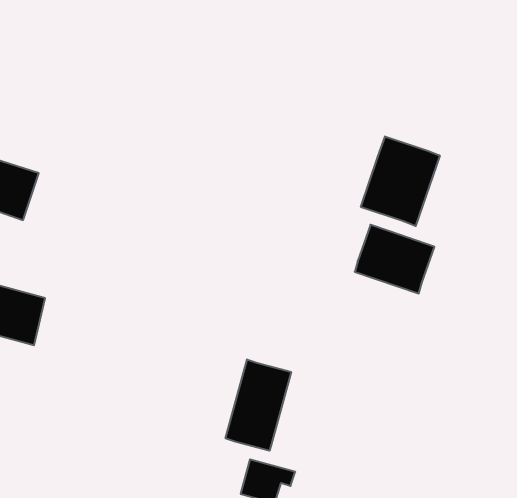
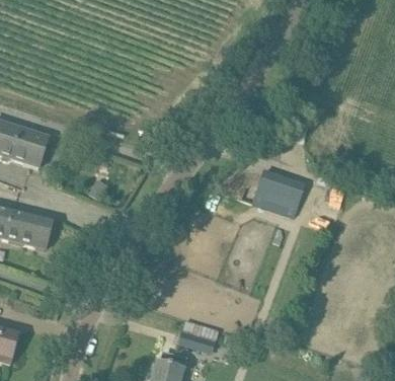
building: [361,136,440,226] -> none
building: [226,359,291,451] -> none

